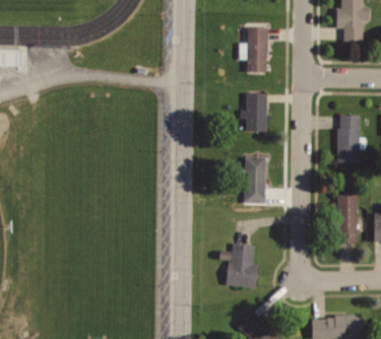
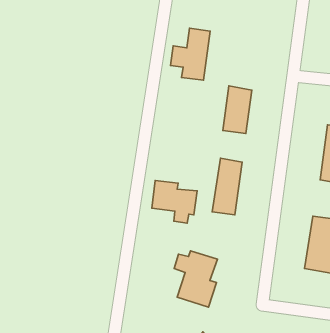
building: [237,27,267,71] -> [170,28,210,80]
building: none -> [152,180,197,223]

